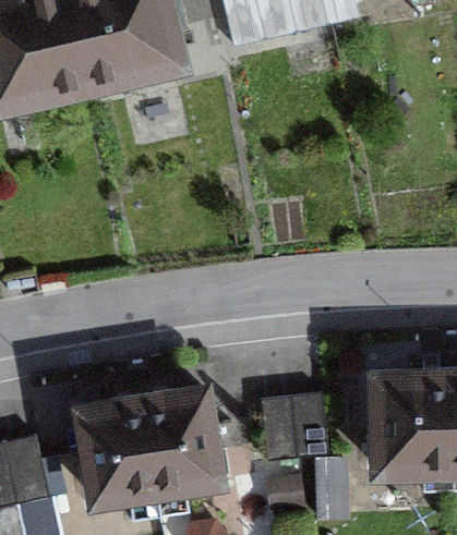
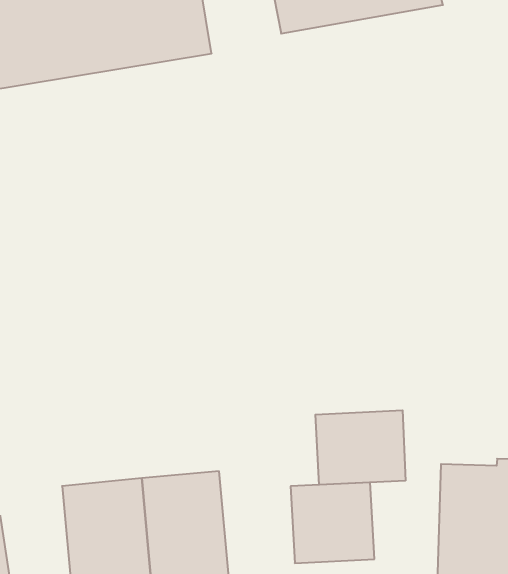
building: none -> [315,410,405,485]

